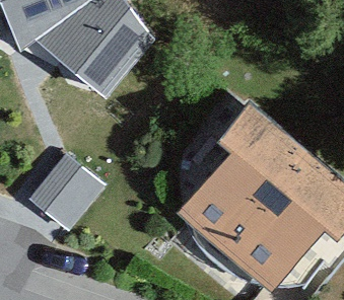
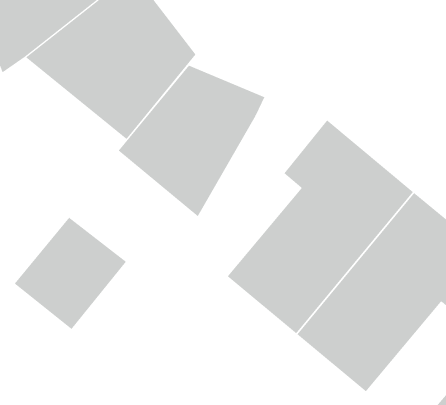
building: none -> [118,65,265,217]

